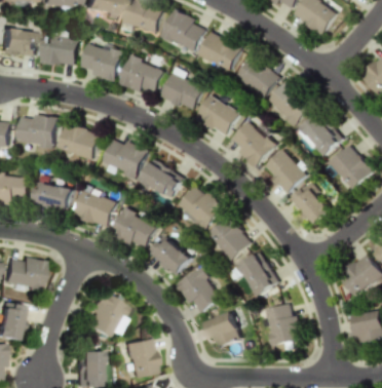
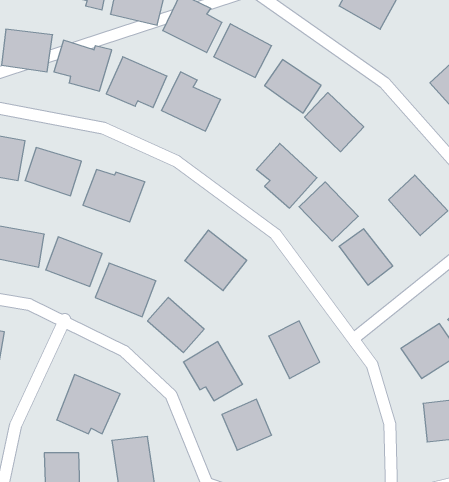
building: [195,94,239,135] -> none
building: [298,114,341,158] -> none
building: [141,159,184,198] -> none
building: [208,216,252,261] -> none
building: [264,304,301,346] -> none

